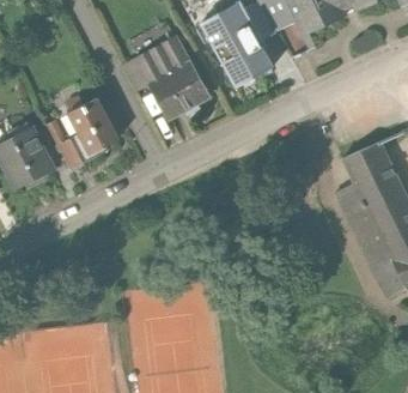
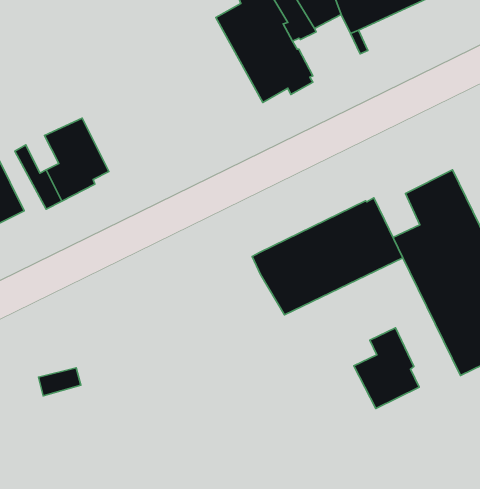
building: [123,37,207,117] -> none
building: none -> [252,198,403,315]
building: none -> [354,328,419,408]

